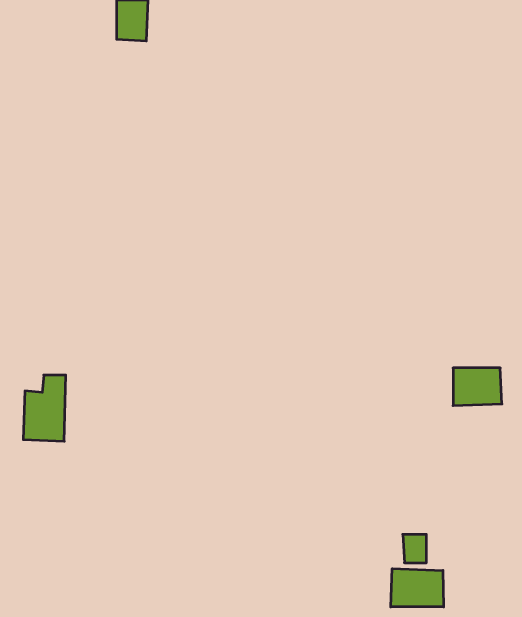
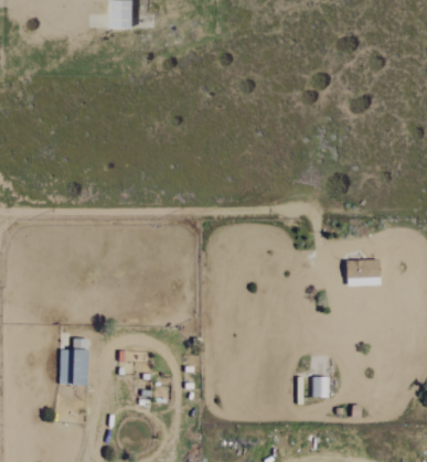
building: [23,375,66,441] -> [58,339,88,385]
building: [391,569,444,607] -> none

